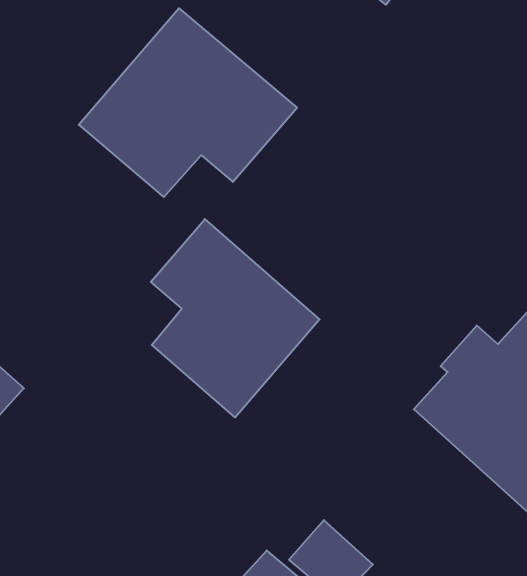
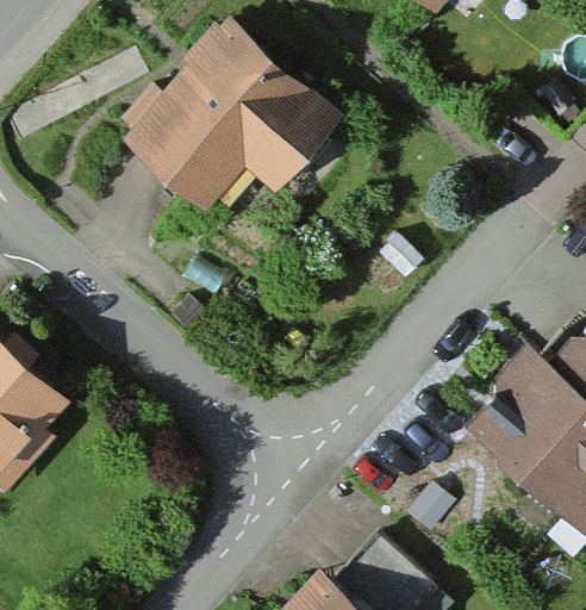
building: [151,219,320,417] -> none

